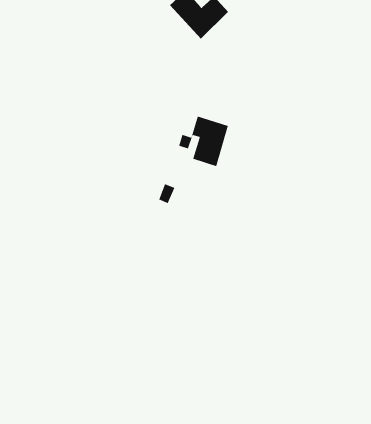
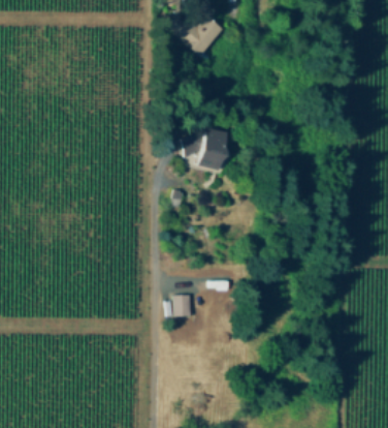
building: none -> [173,295,192,316]

